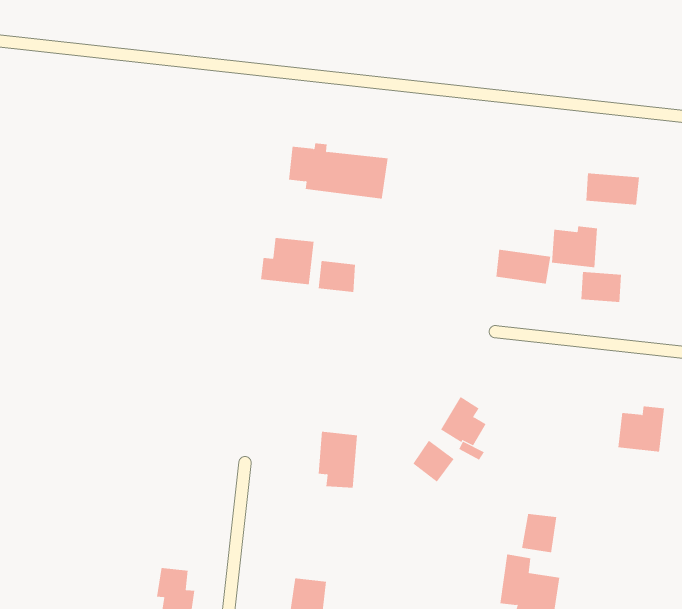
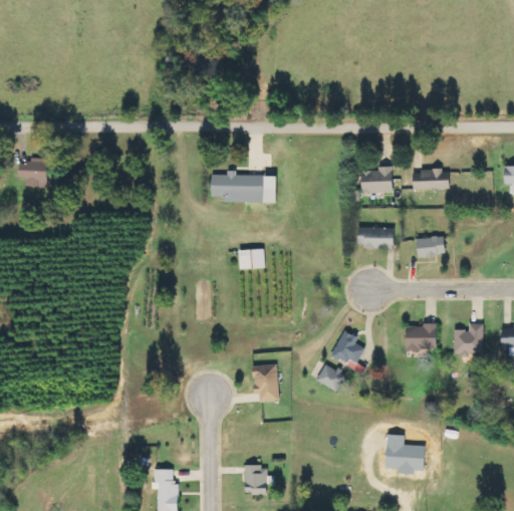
building: none -> [18,159,47,185]
building: [551,226,598,268] -> [361,166,393,193]
building: [261,237,314,285] -> none
building: none -> [406,324,437,350]
building: [521,513,557,553] -> none

